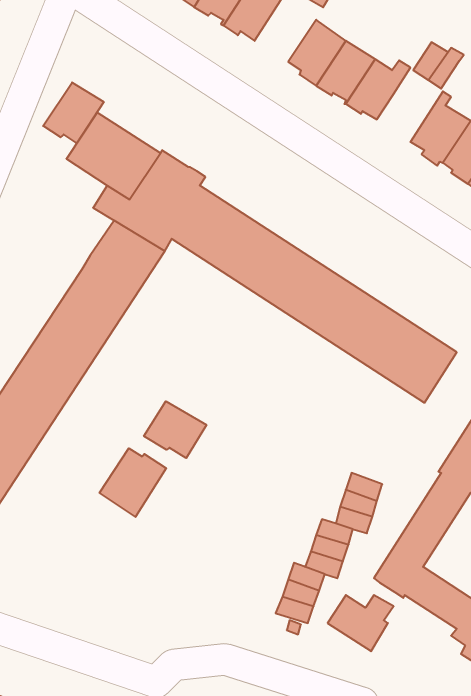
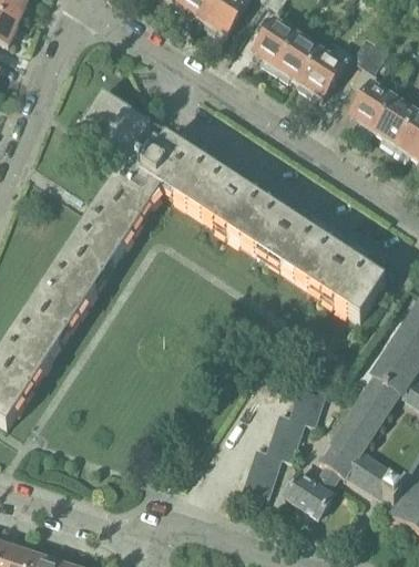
building: [43,82,104,143] -> none
building: [144,401,206,458] -> none
building: [100,448,166,517] -> none

